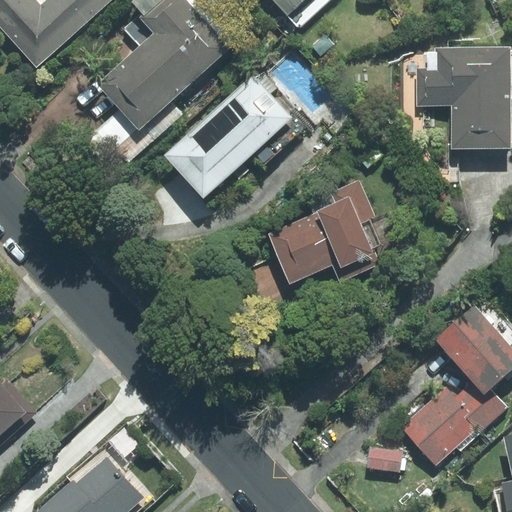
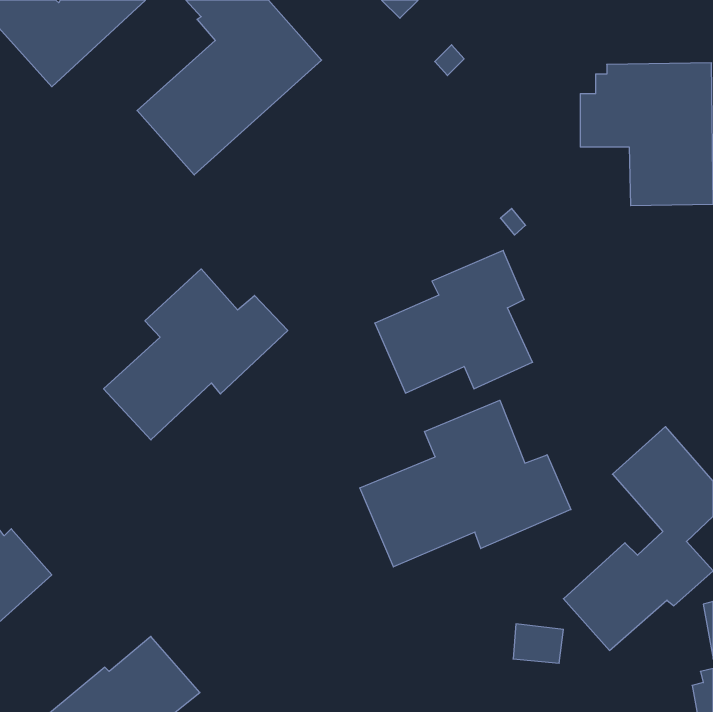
building: [165,72,293,197] -> none
building: none -> [104,269,288,440]
building: none -> [360,400,571,567]

